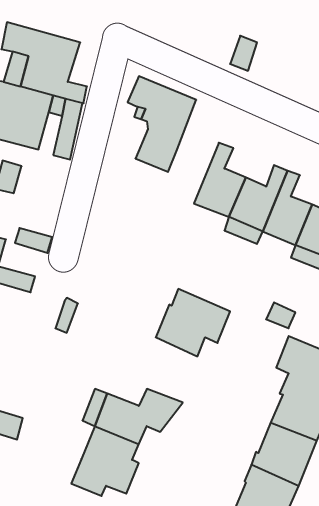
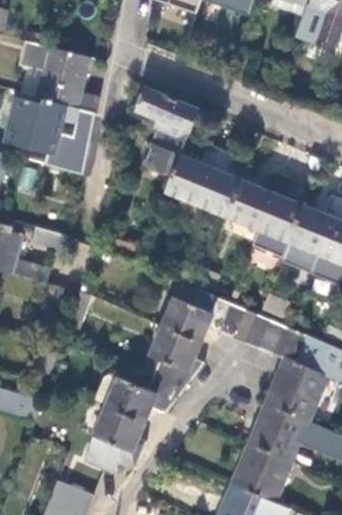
building: none -> [165,143,217,204]
building: none -> [216,303,281,355]
building: none -> [147,327,202,387]

